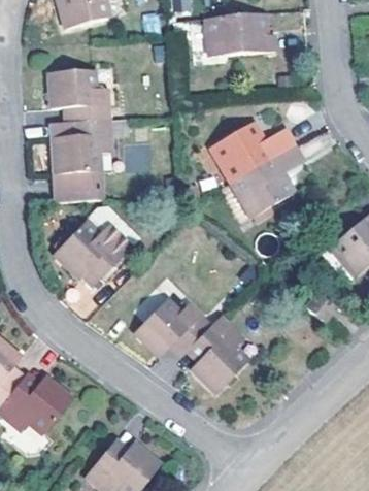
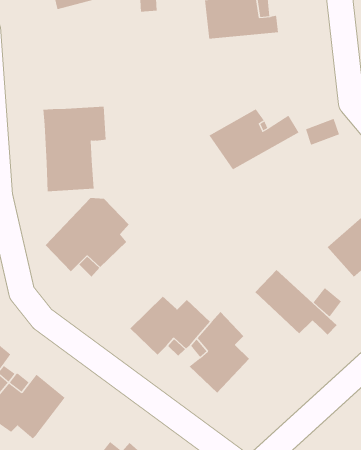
building: [48,70,109,122] -> none
building: [231,144,304,222] -> none
building: none -> [254,269,337,335]

